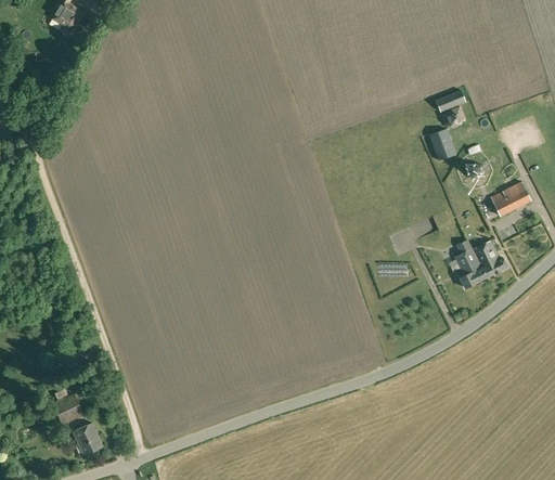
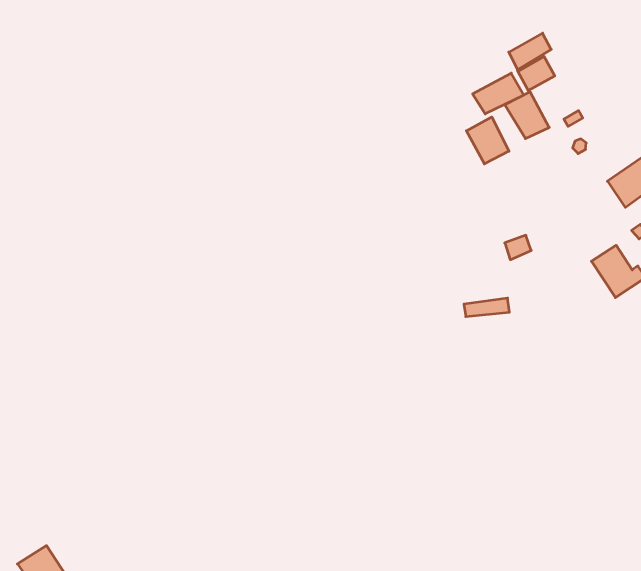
building: none -> [473,73,524,114]
building: none -> [466,117,509,164]
building: [456,241,485,287] -> none

